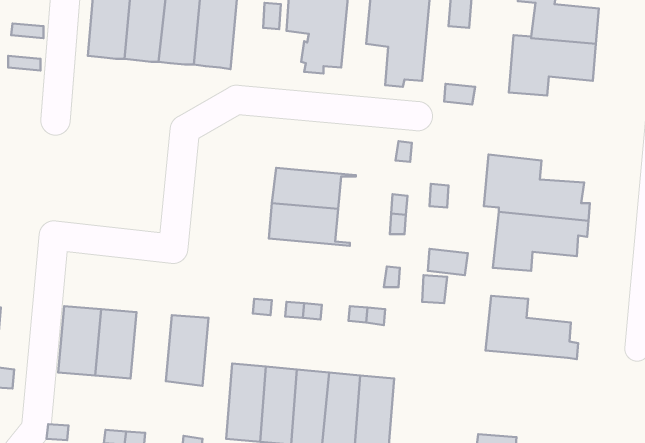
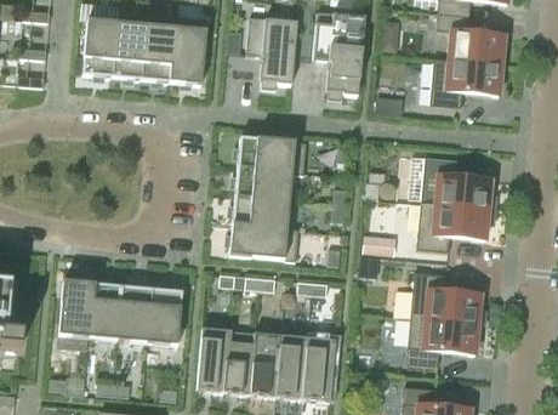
building: none -> [238,136,306,172]
building: none -> [229,224,298,261]
building: none -> [118,285,152,342]
building: none -> [406,317,478,366]

